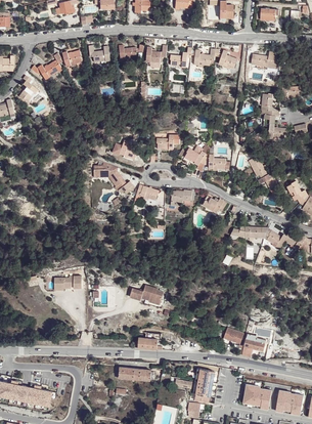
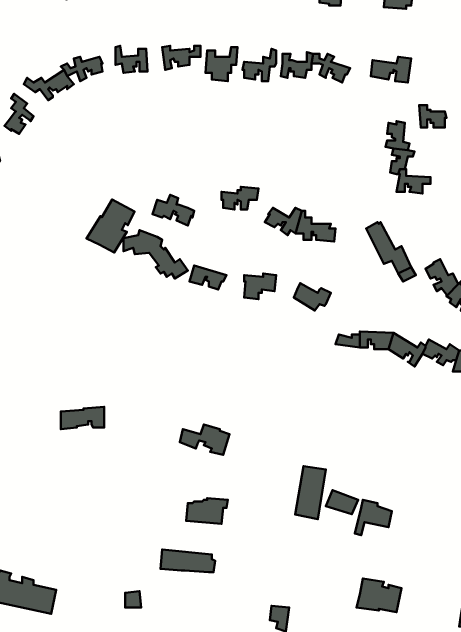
building: none -> [87,199,135,253]
building: [194,369,214,402] -> [295,466,326,519]
building: [275,389,303,413] -> none

